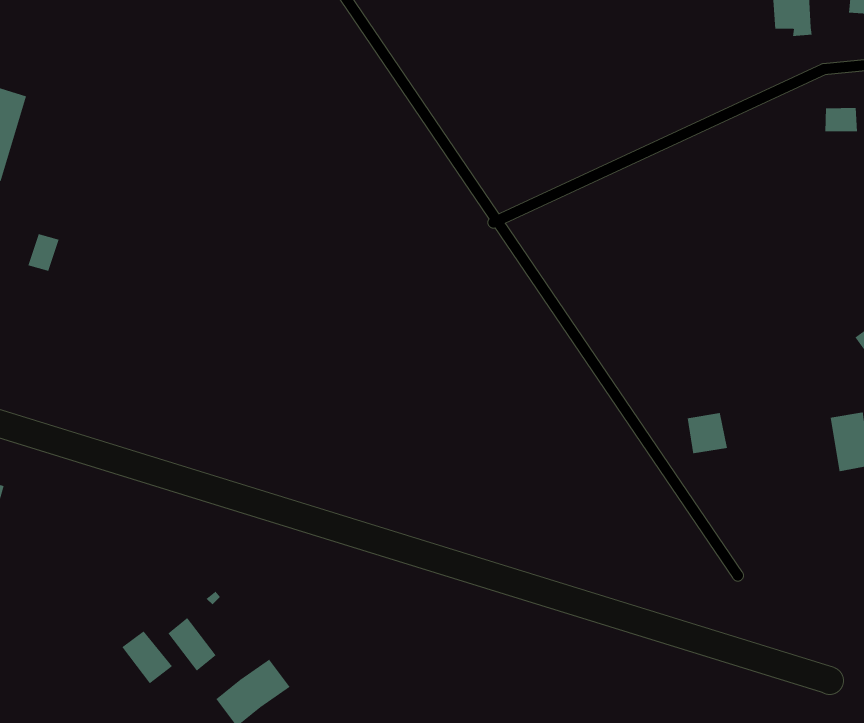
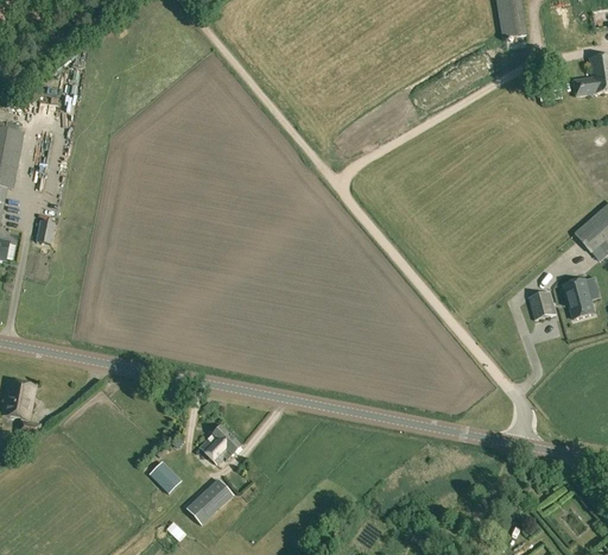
building: [687,413,728,454] -> [528,291,557,320]
building: none -> [200,424,241,463]
building: [122,631,173,684] -> none

